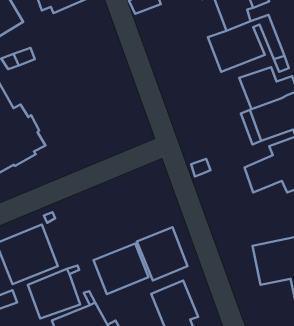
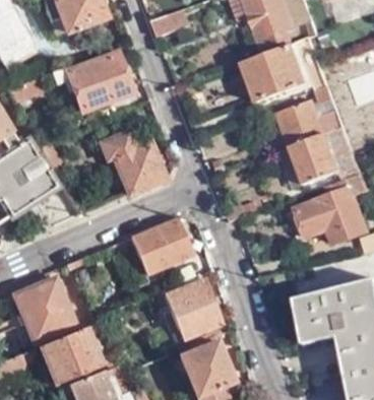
building: none -> [49,53,132,111]
building: none -> [99,130,166,194]
building: [93,243,148,294] -> [128,217,191,275]

